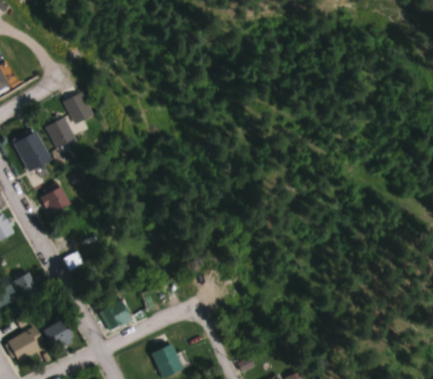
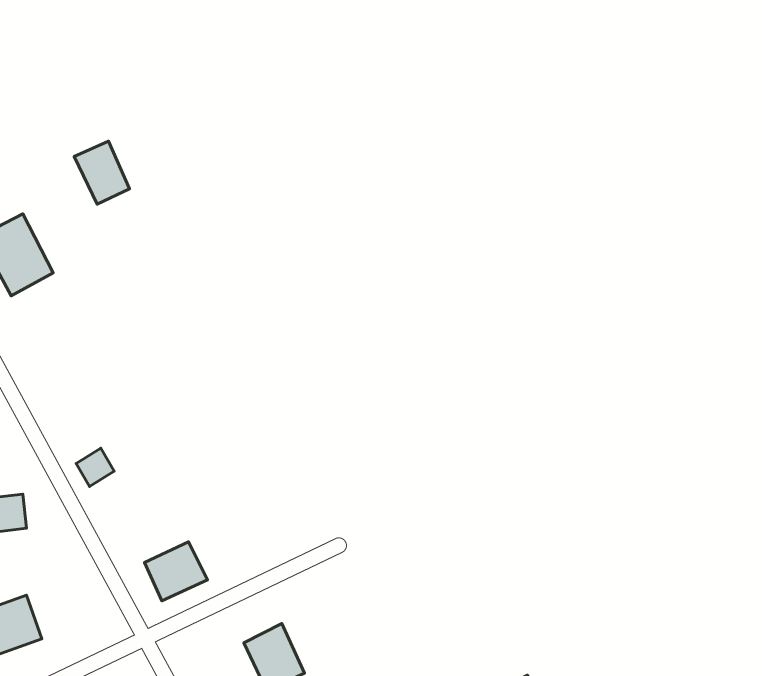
building: [45,114,76,147] -> none
building: [38,182,71,217] -> none
building: [43,319,75,351] -> none

